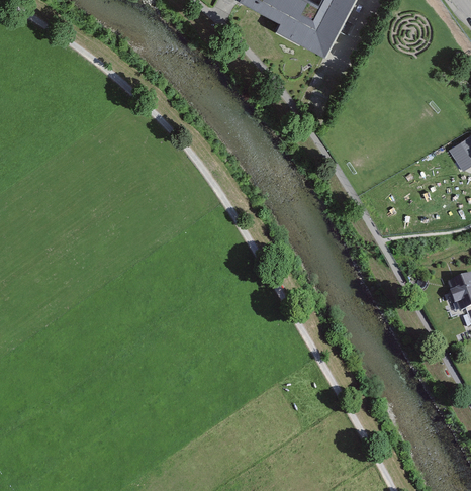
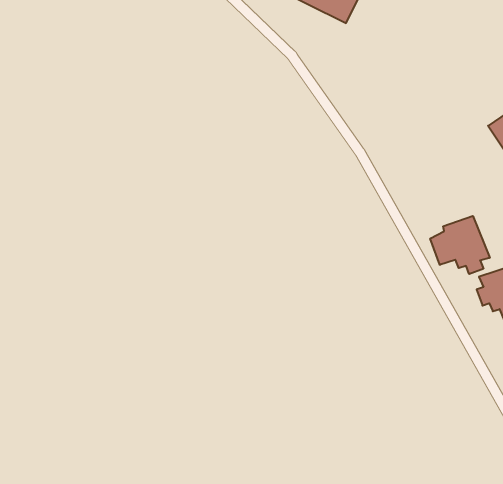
building: none -> [430,216,490,274]

